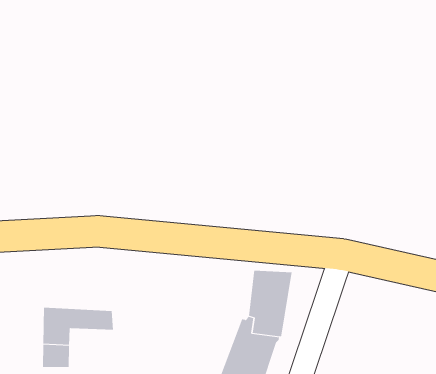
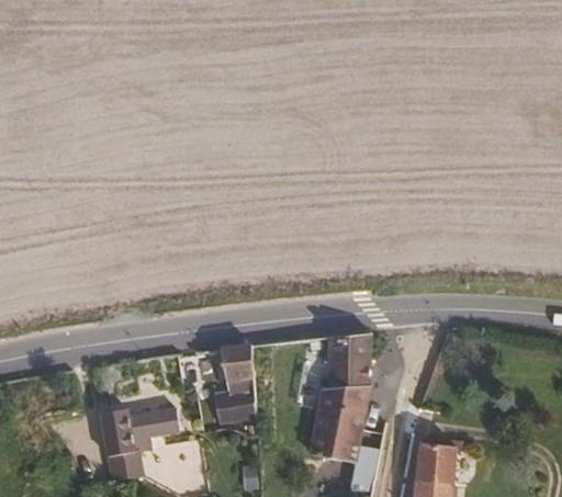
building: none -> [212,348,255,419]

